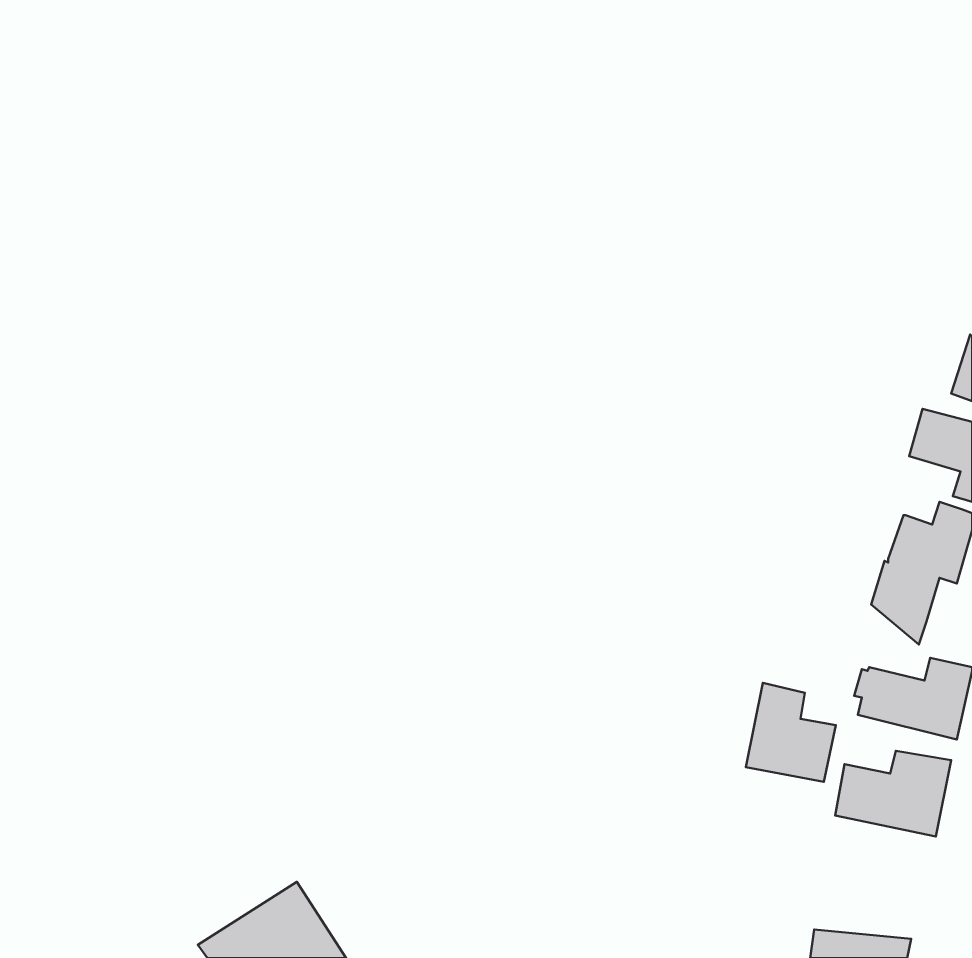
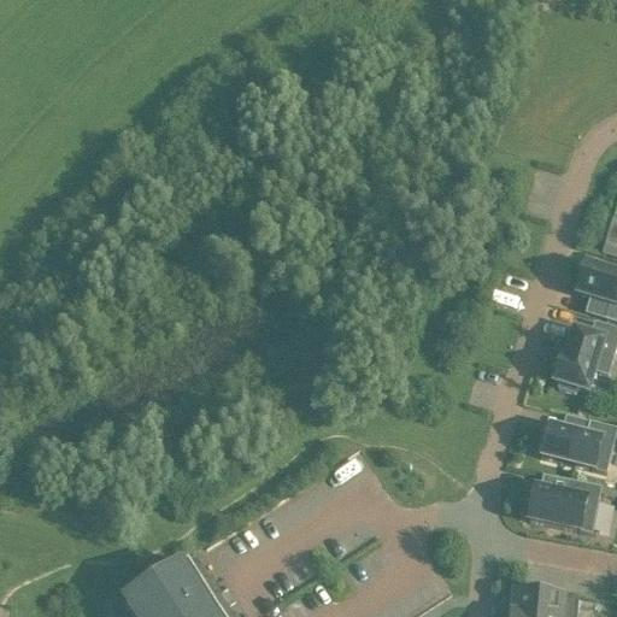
building: [746,683,836,782] -> none

